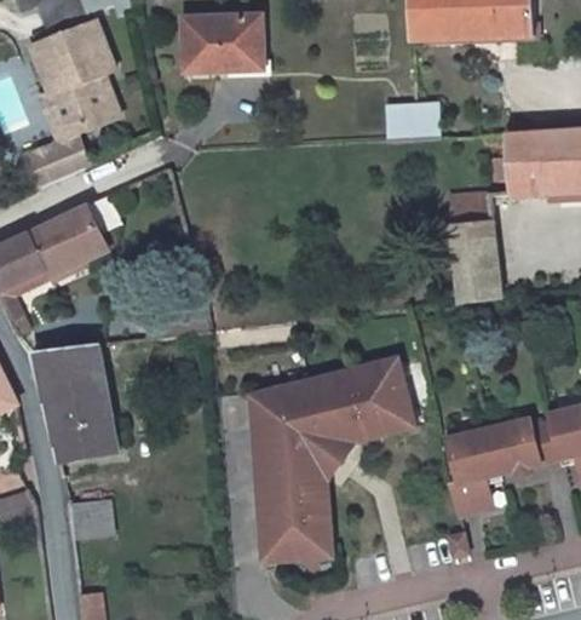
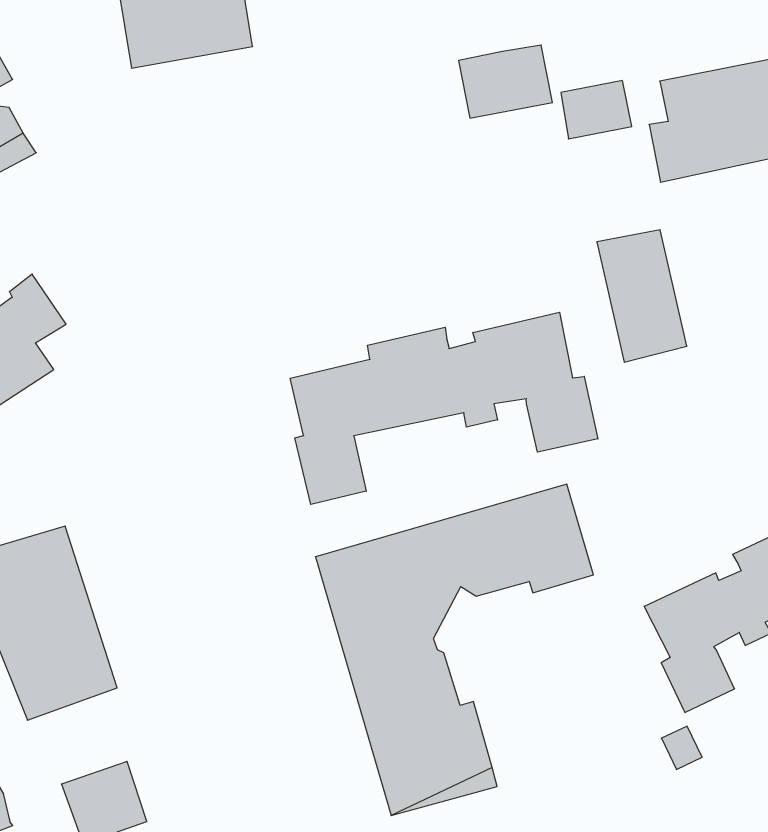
building: [451,195,491,225] -> [561,81,632,139]
building: none -> [290,312,598,504]
building: [312,423,378,495] -> none

